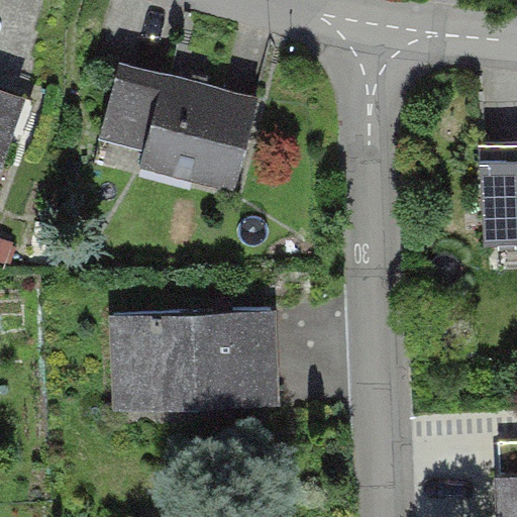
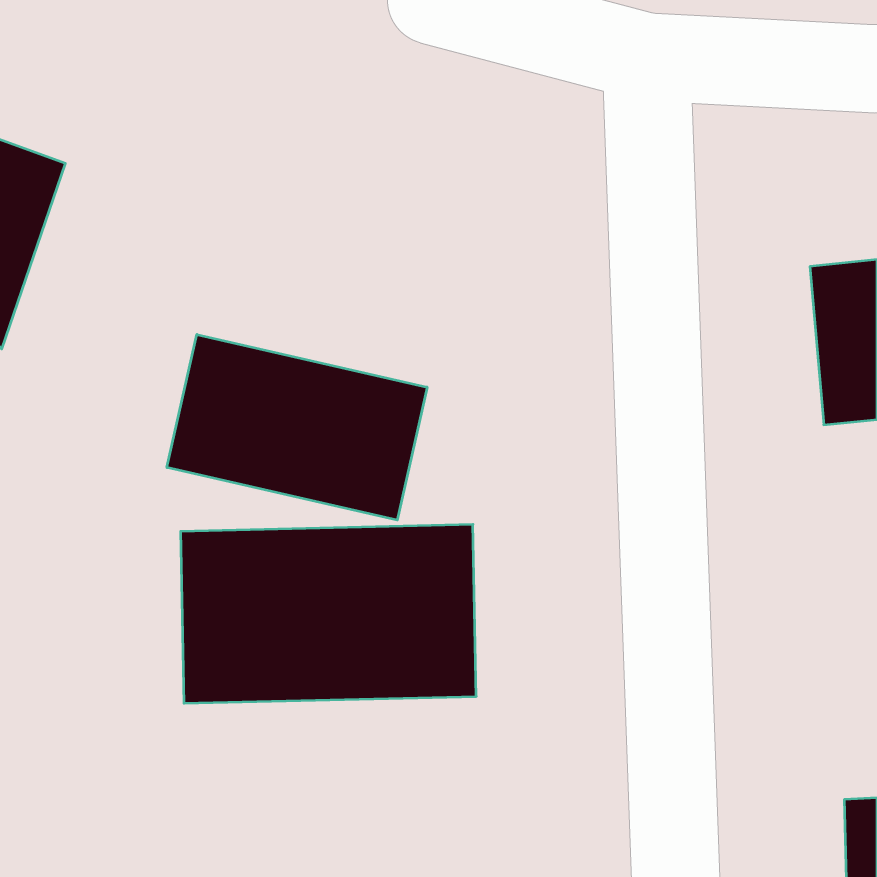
building: [93,66,264,186] -> none
building: none -> [167,334,427,520]

